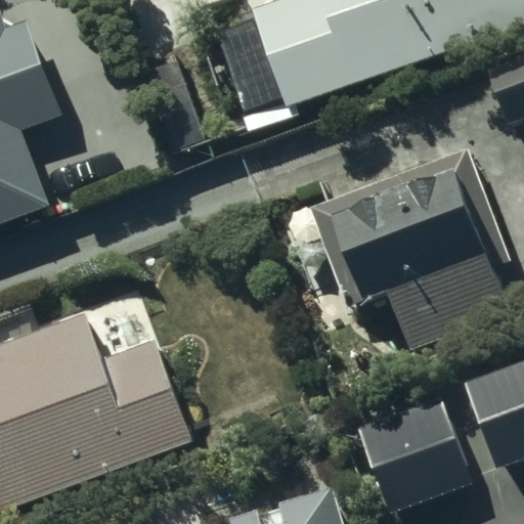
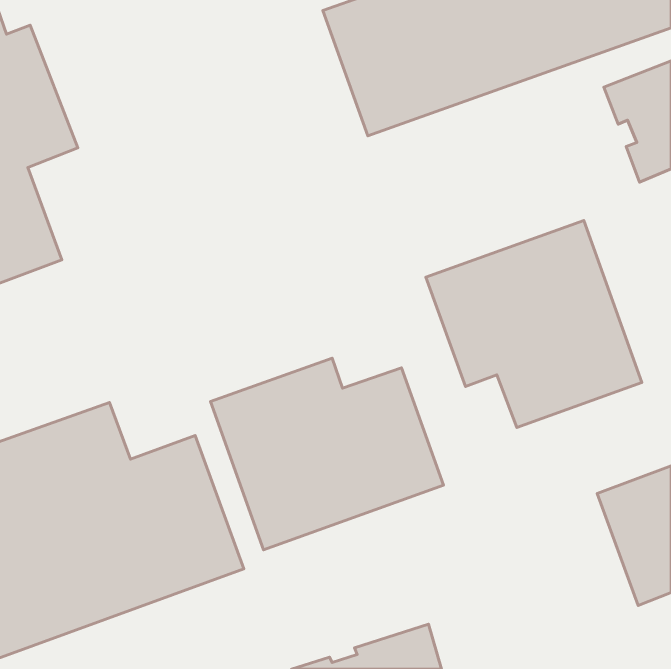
building: none -> [211,358,444,550]
building: [359,396,476,512] -> none

